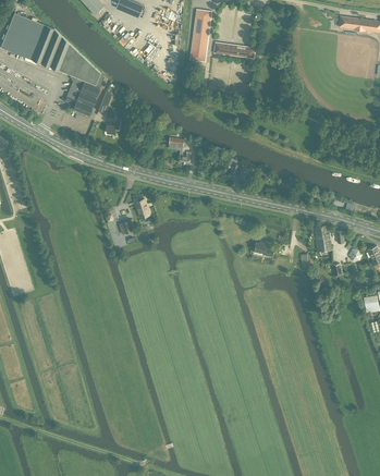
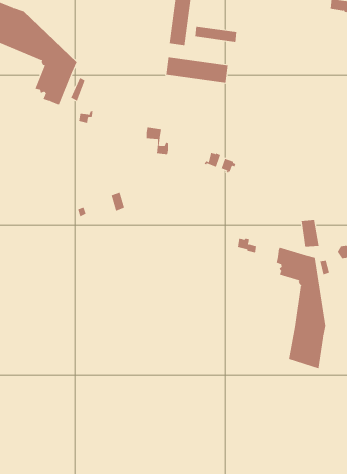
building: none -> [166,56,228,83]
building: none -> [276,247,326,369]

